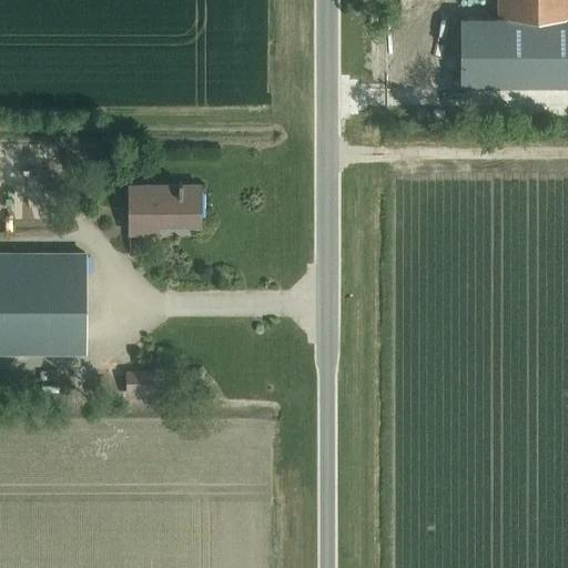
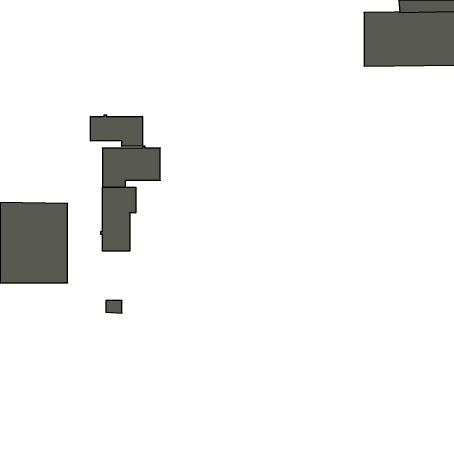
building: none -> [91,115,142,146]
building: none -> [101,187,136,251]

